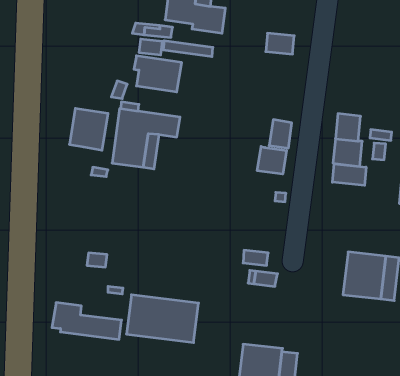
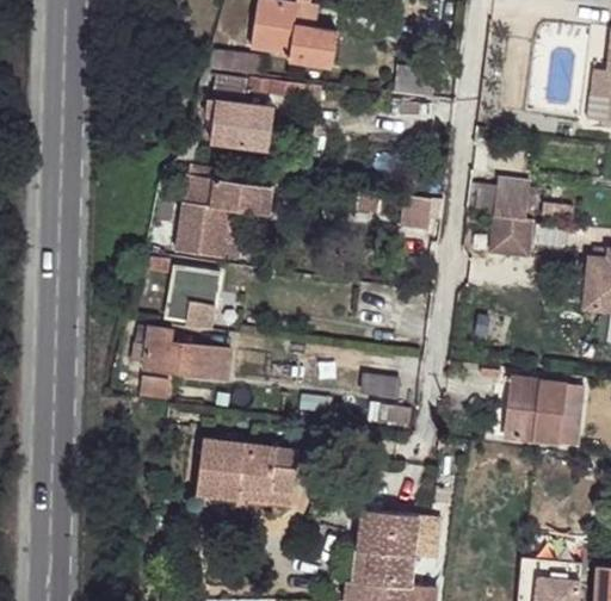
building: [69,108,108,150] -> [165,267,220,327]
building: [257,146,287,174] -> none
building: [332,164,366,185] -> none
building: [52,303,122,339] -> [131,327,230,379]

